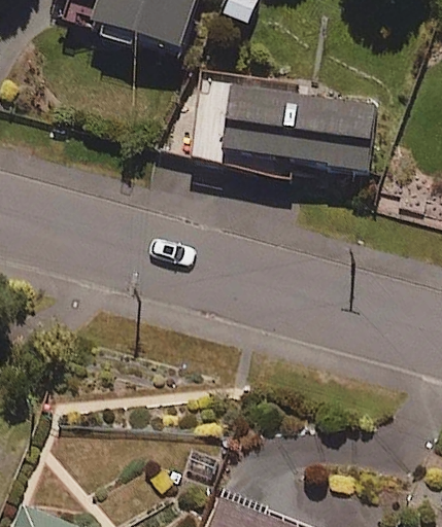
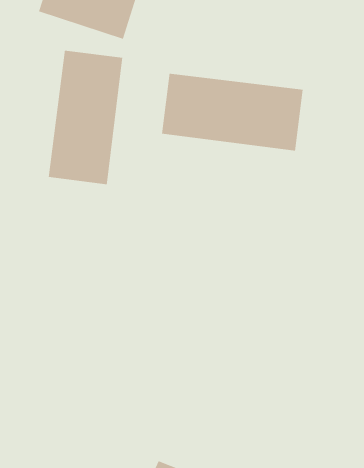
building: none -> [48,50,123,185]

